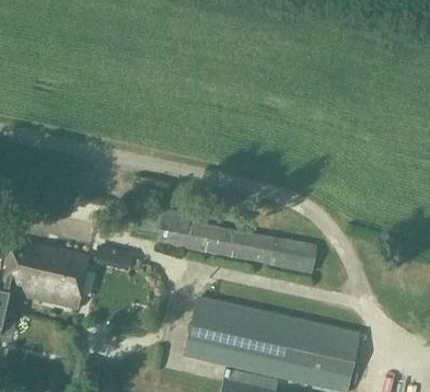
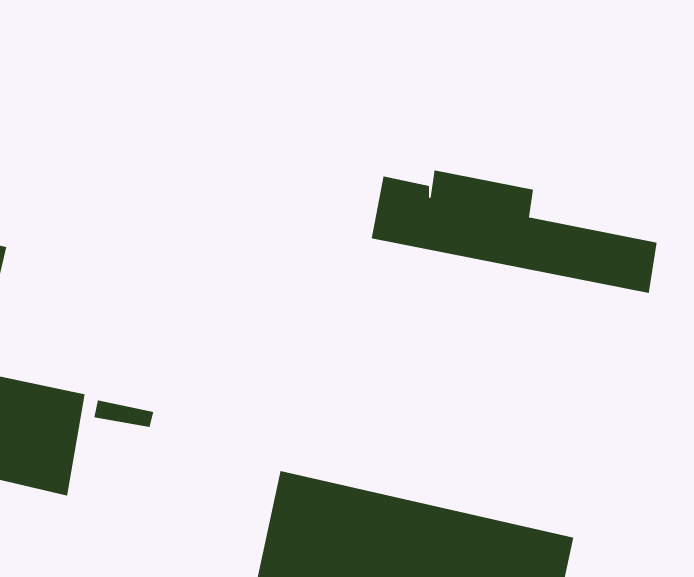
building: [159,205,318,274] -> [371,170,657,294]

